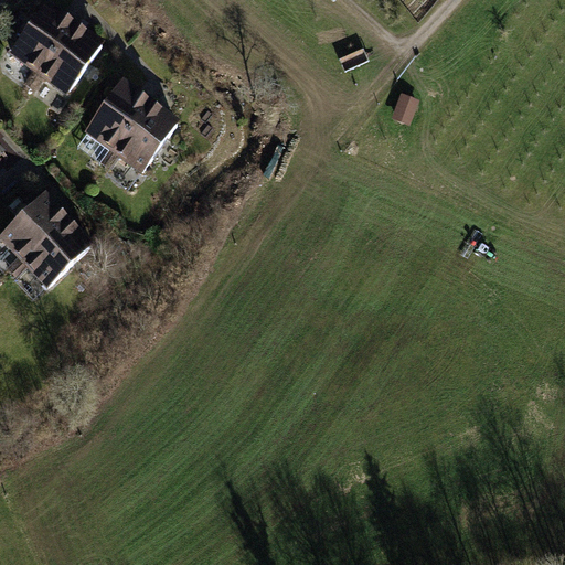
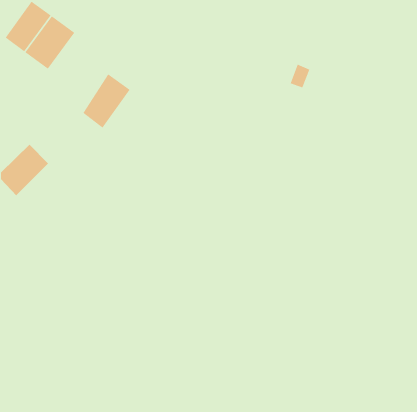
building: [82,81,146,152] -> none
building: [22,221,90,288] -> none

